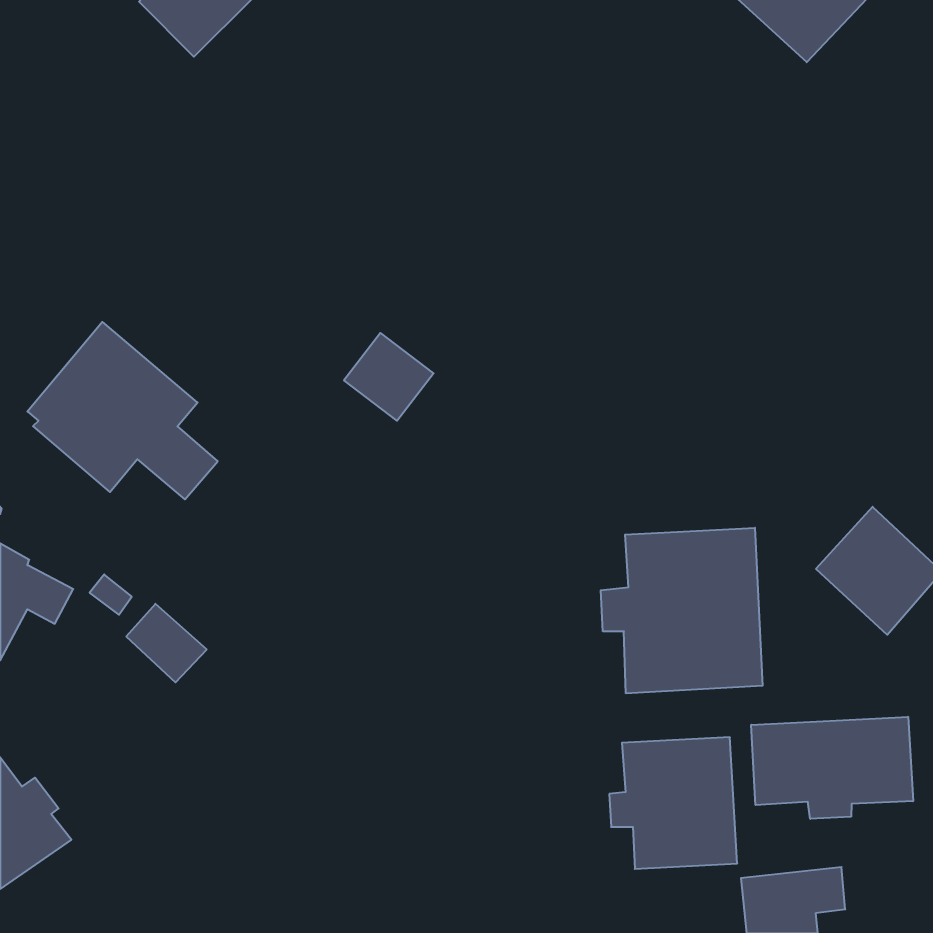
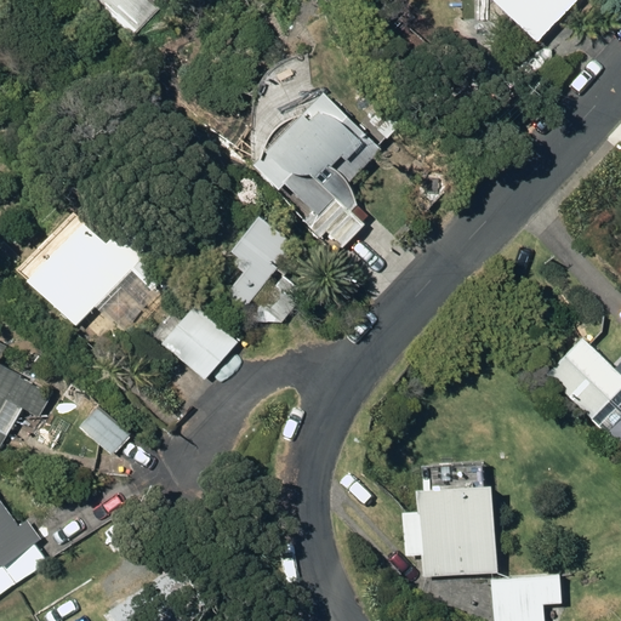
building: none -> [251,92,381,247]
building: none -> [160,303,237,380]
building: [601,528,763,693] -> none
building: [751,717,913,819] -> none

